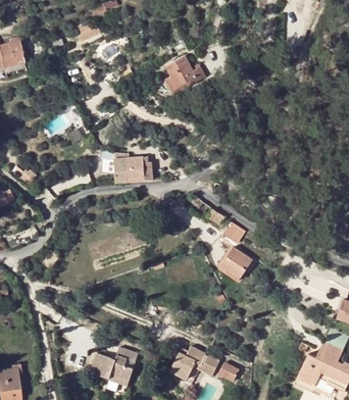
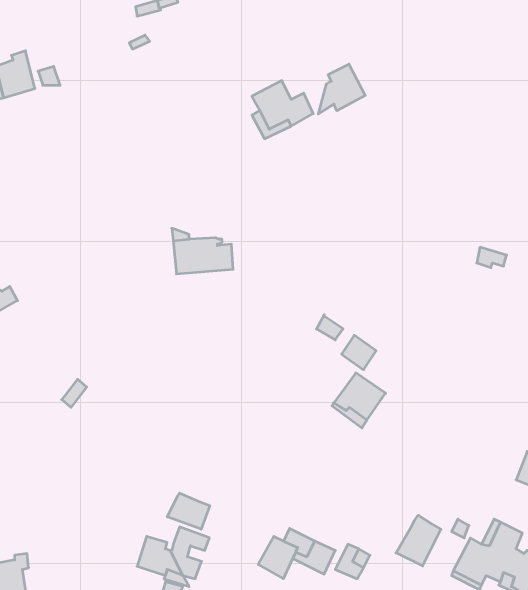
building: none -> [318,64,365,114]
building: none -> [167,493,210,529]
building: none -> [396,515,441,566]

